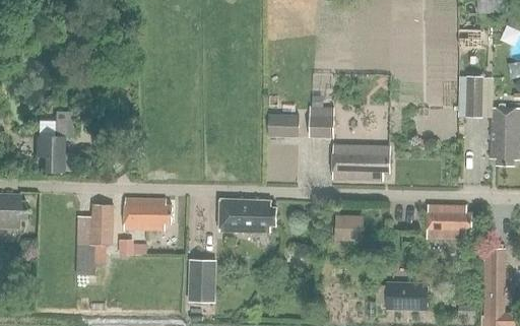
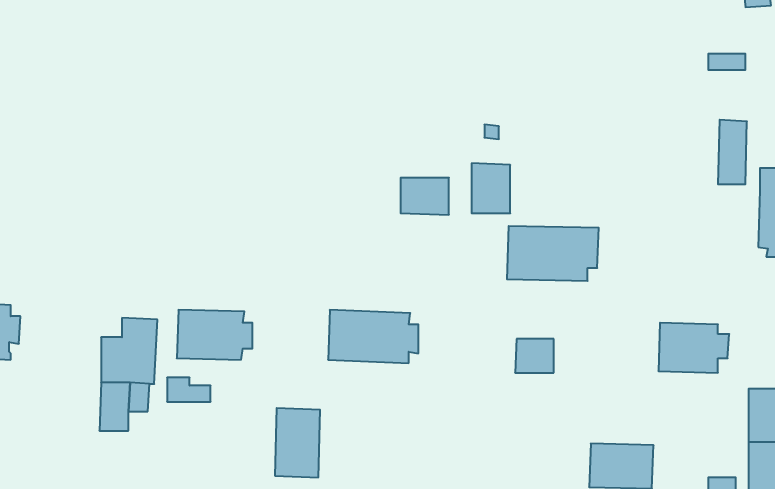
building: [37,112,73,171] -> none

